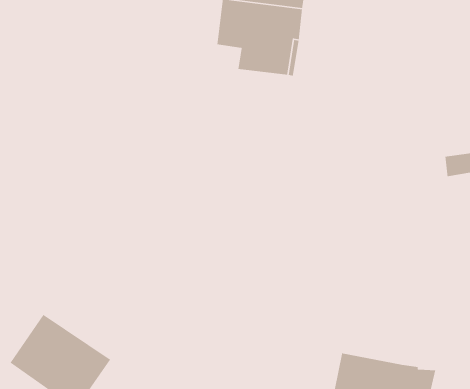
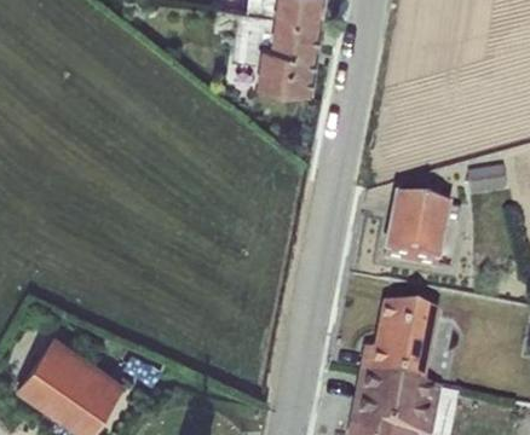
building: none -> [382,204,457,273]
building: none -> [359,312,436,393]

